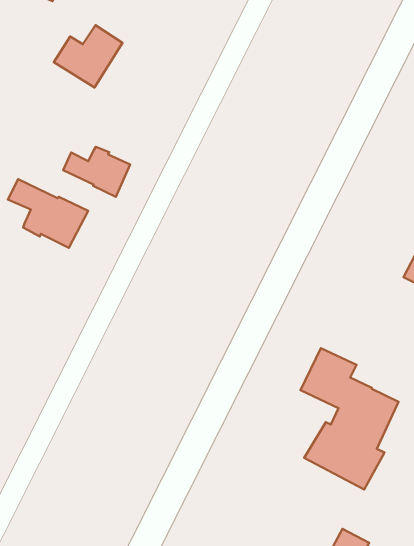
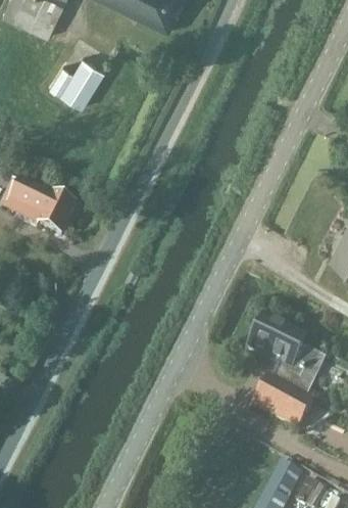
building: [63,147,130,197] -> none

